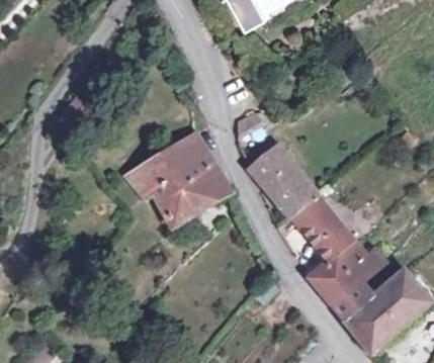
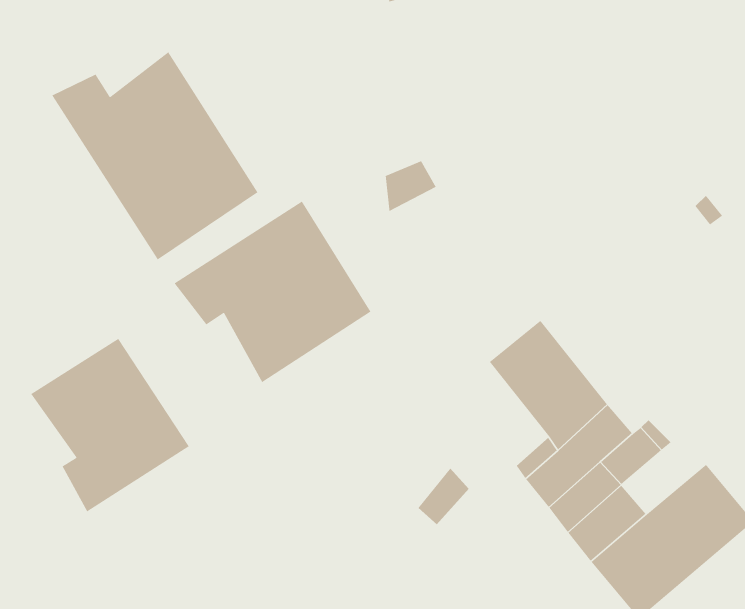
building: none -> [51,51,259,260]
building: [250,145,320,218] -> none
building: none -> [30,338,190,513]

